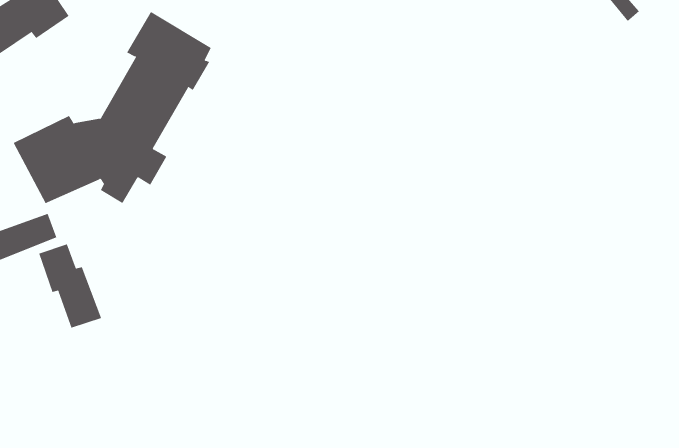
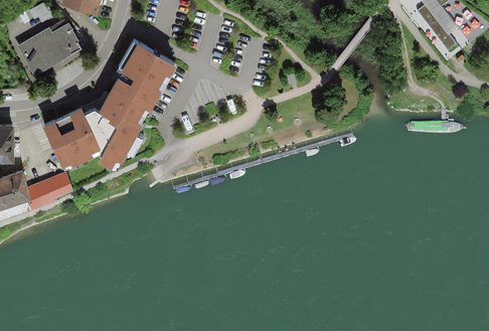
building: [38,243,102,329] -> none

